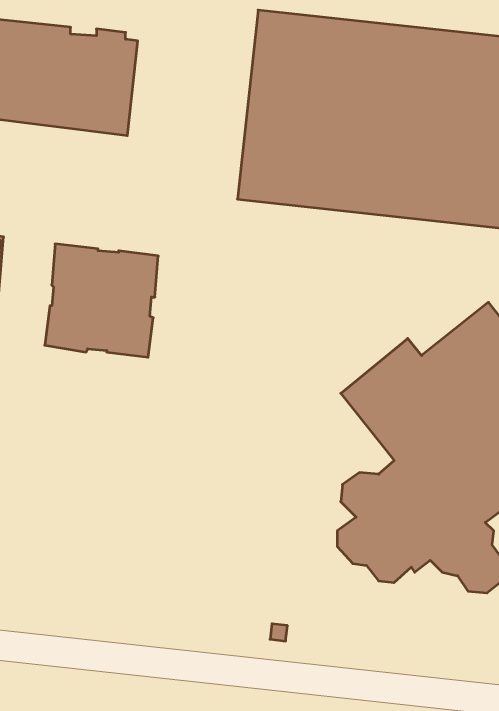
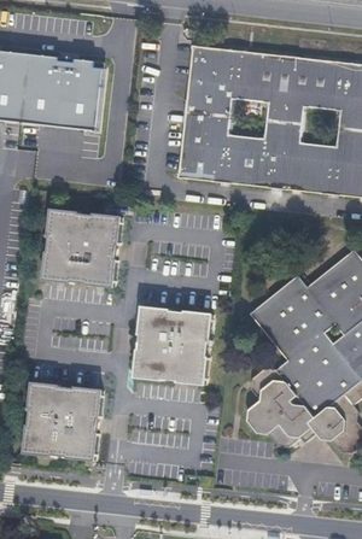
building: none -> [134,306,212,385]
building: none -> [23,382,103,461]

